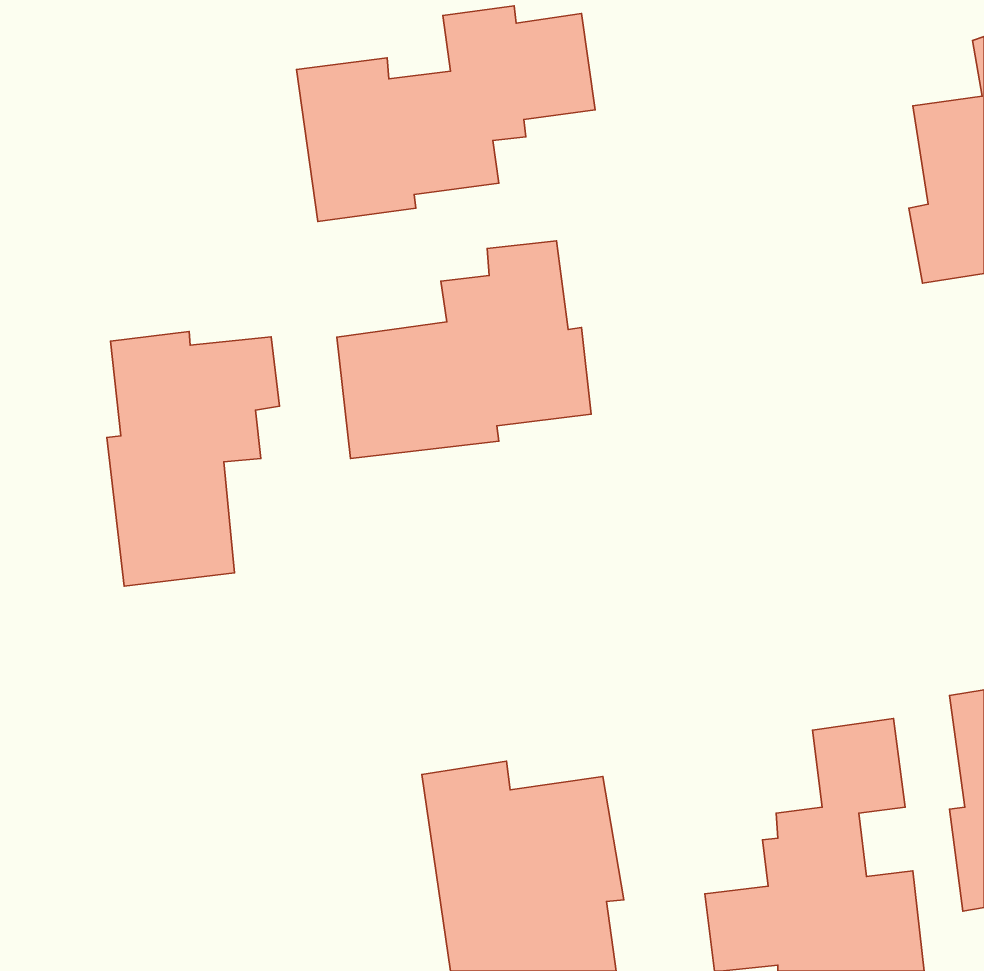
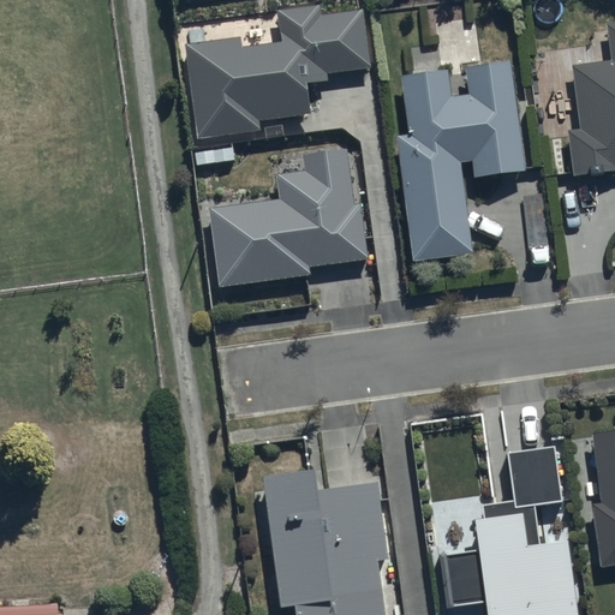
building: none -> [396,62,526,264]
building: [107,331,280,586] -> none

